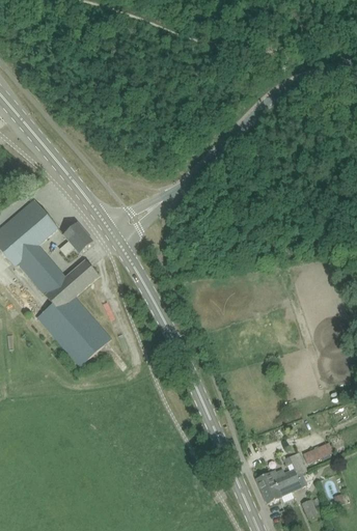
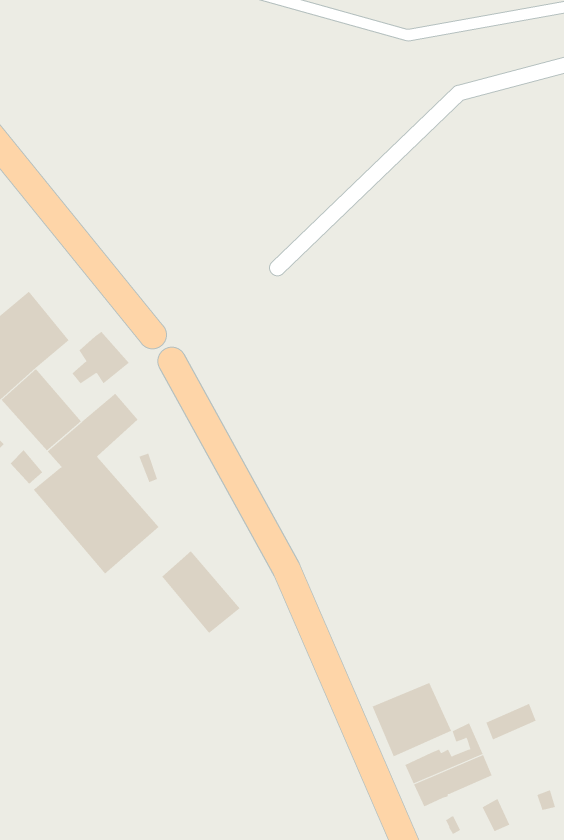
building: none -> [161,550,240,634]
building: none -> [372,682,452,757]

